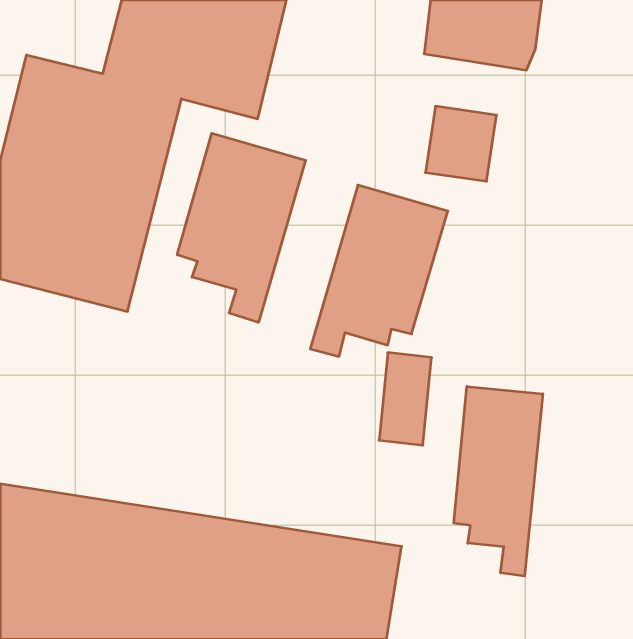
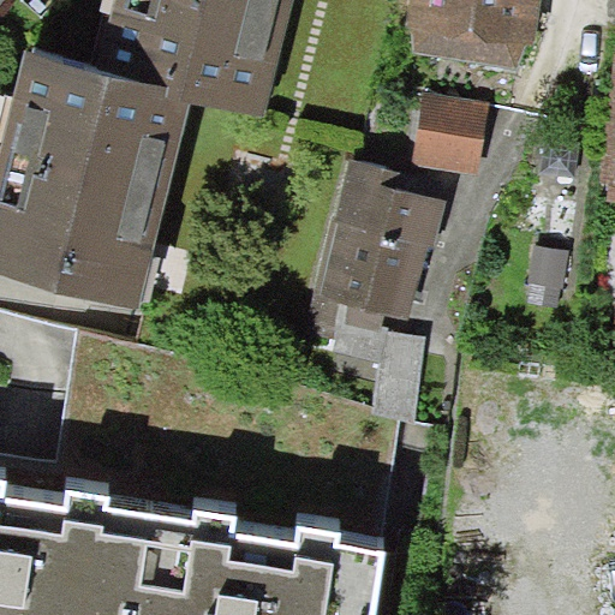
building: [177,133,306,322] -> none
building: [454,386,543,576] -> none

